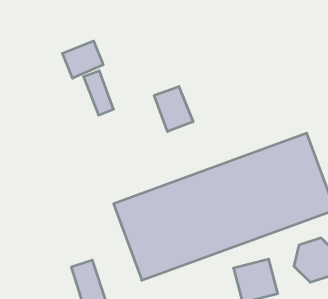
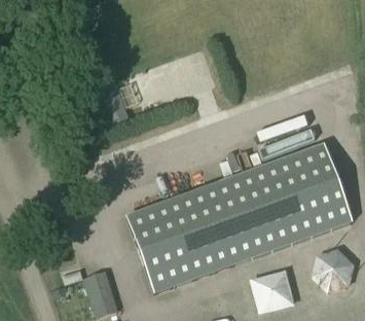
building: [62,41,103,78] -> none
building: [154,86,193,132] -> none

